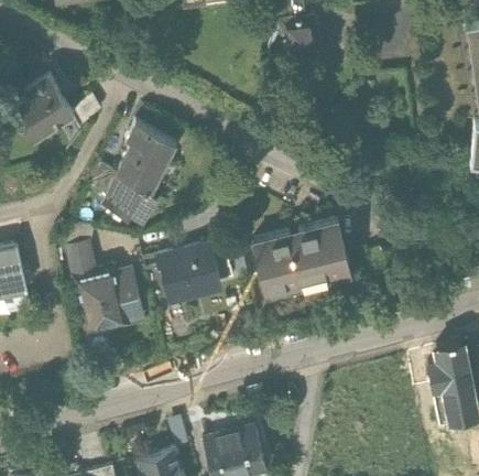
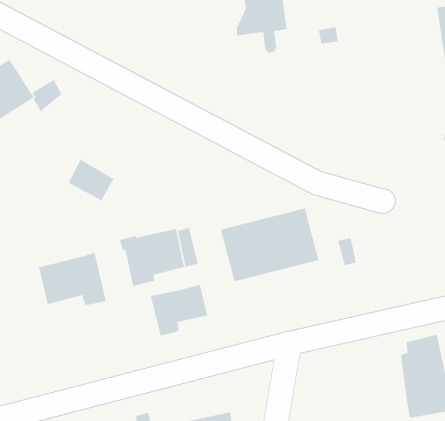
building: [117,126,176,194] -> none
building: [67,239,96,281] -> none
building: none -> [150,284,208,336]

